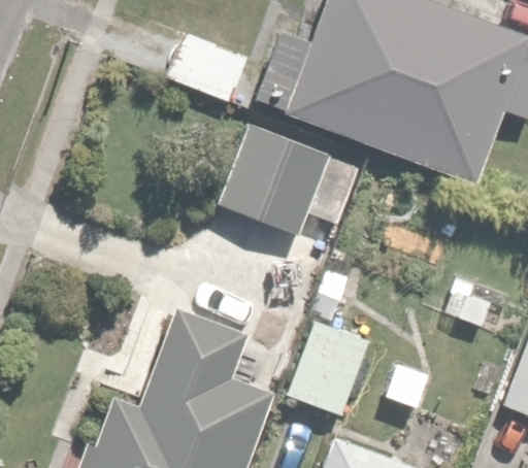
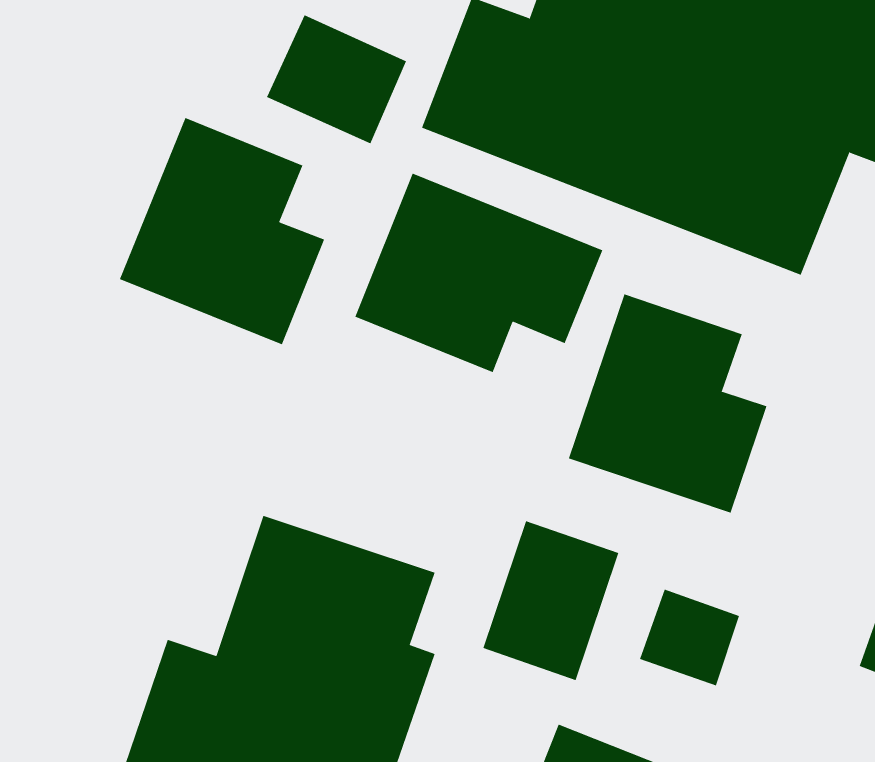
building: none -> [119,117,325,345]
building: none -> [568,294,767,513]

